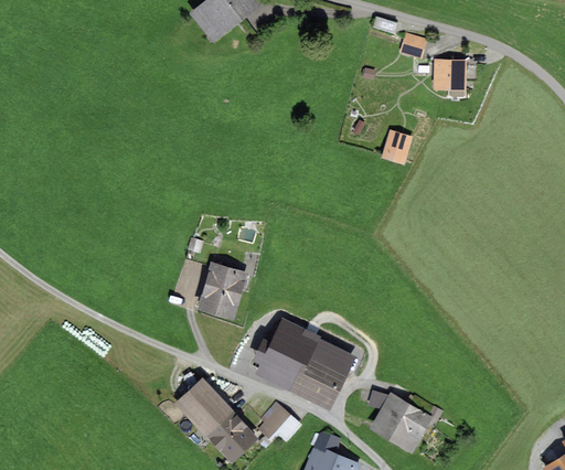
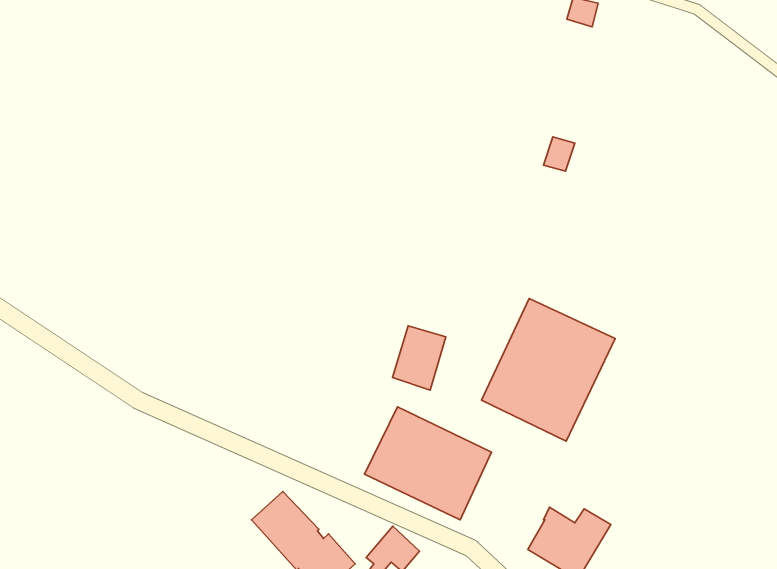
building: [437,62,461,83] -> none
building: none -> [482,298,615,441]
building: [203,264,241,309] -> [393,326,446,390]

